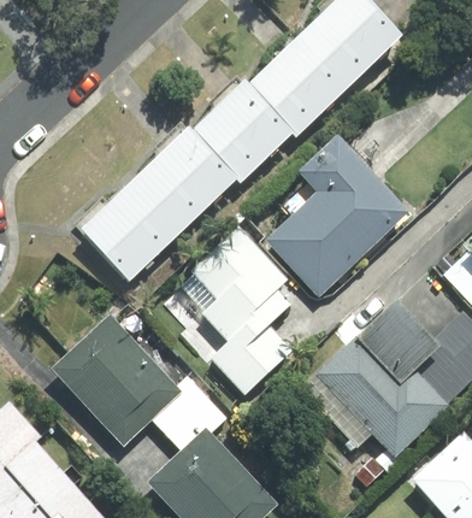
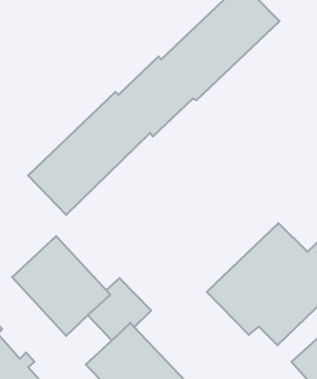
building: [267,136,409,295] -> none
building: [182,229,290,393] -> none

